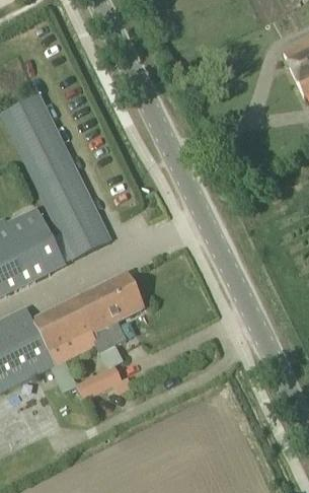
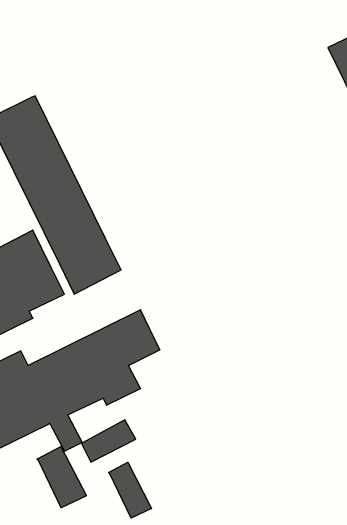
building: none -> [37,446,86,508]
building: none -> [109,462,152,518]

